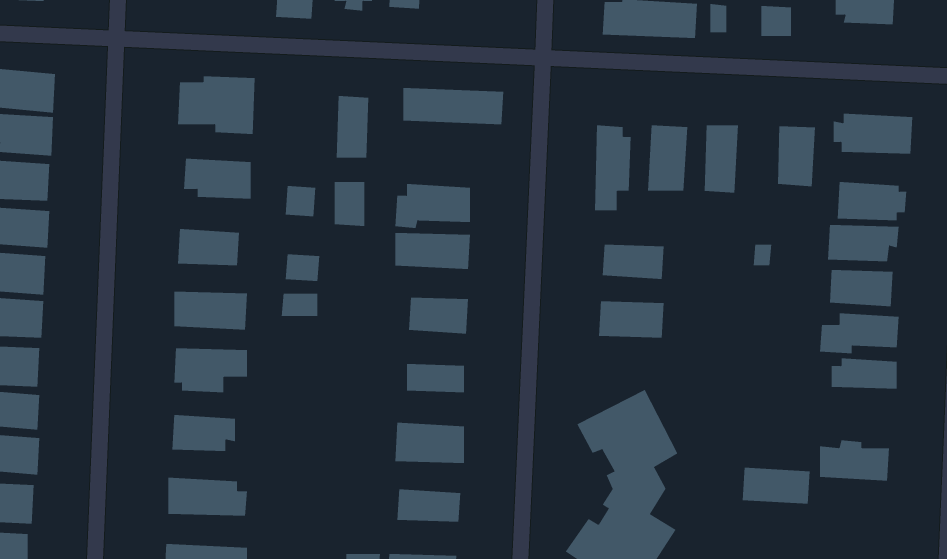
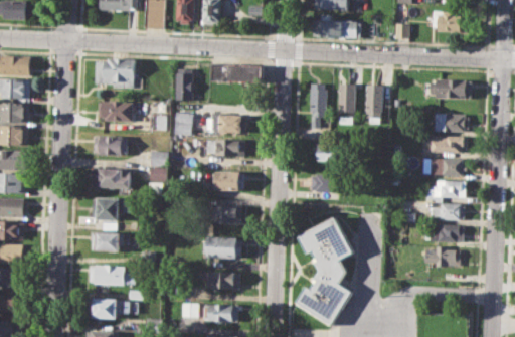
building: [778,126,816,187] -> none
building: [742,467,810,504] -> [427,224,463,243]

